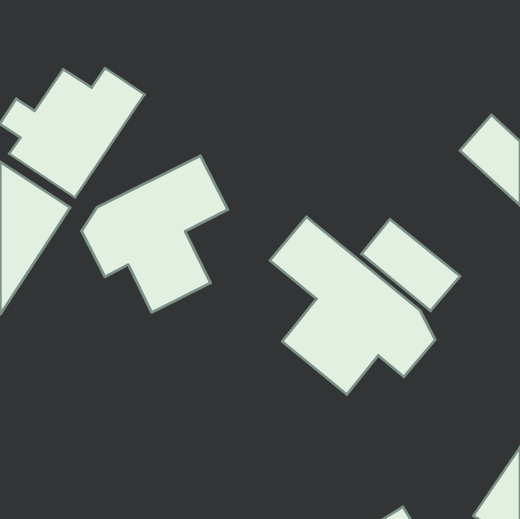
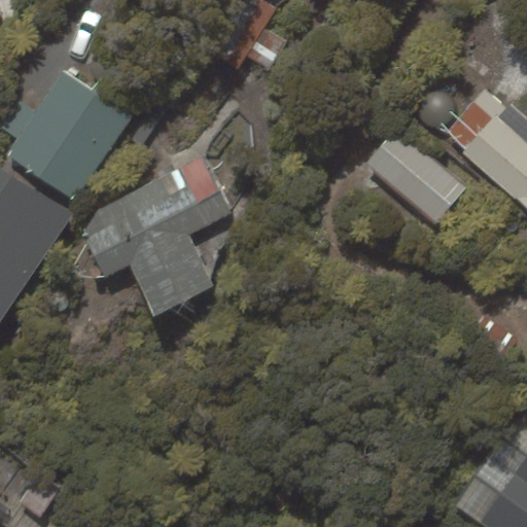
building: [270,217,435,395] -> none
building: [361,219,460,311] -> [365,131,465,223]

